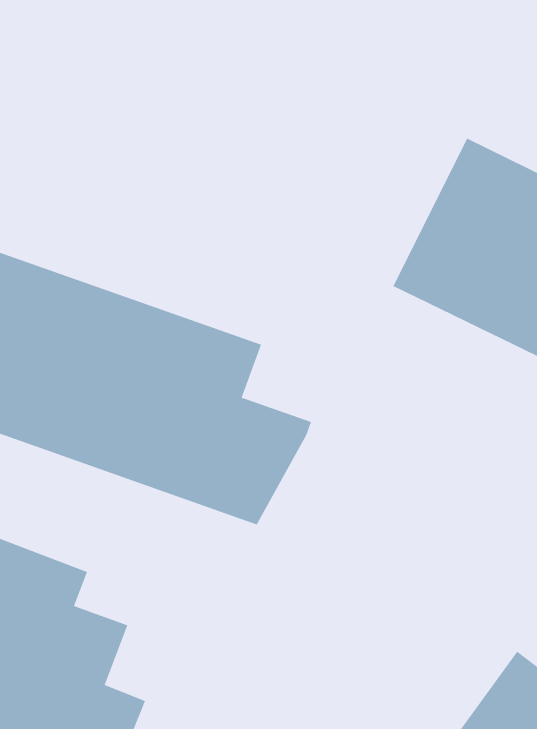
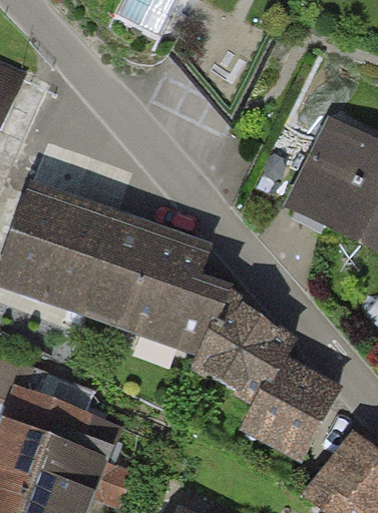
building: none -> [192,302,343,464]

